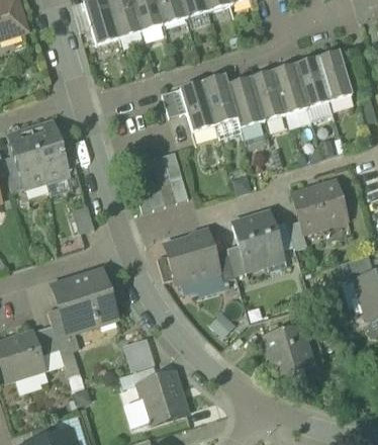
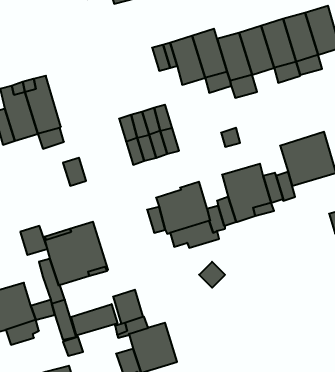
building: [267,324,313,373] -> none
building: [32,325,60,354] -> [20,226,47,255]
building: none -> [71,304,117,336]

